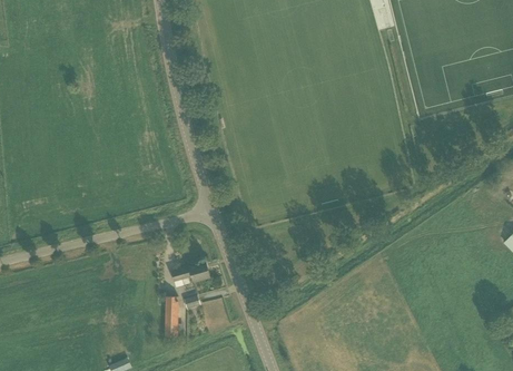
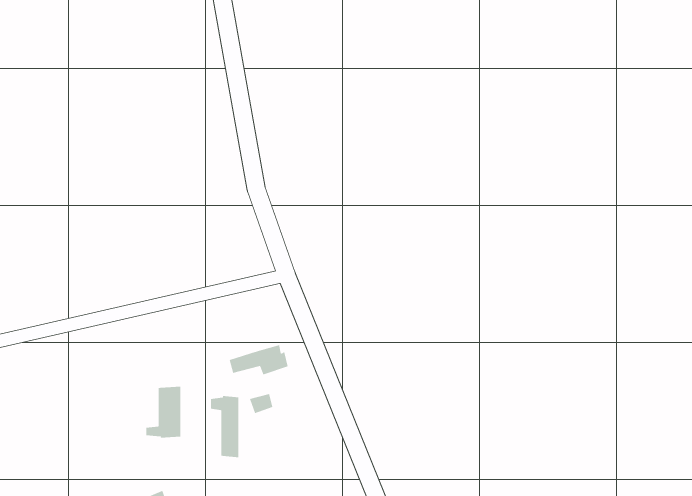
building: none -> [146,386,181,439]

